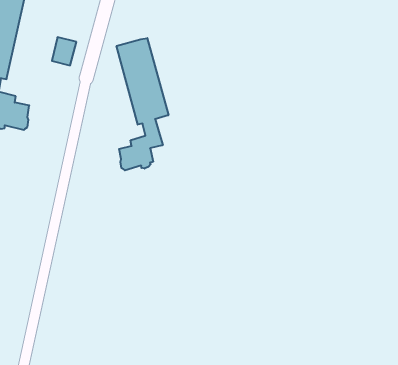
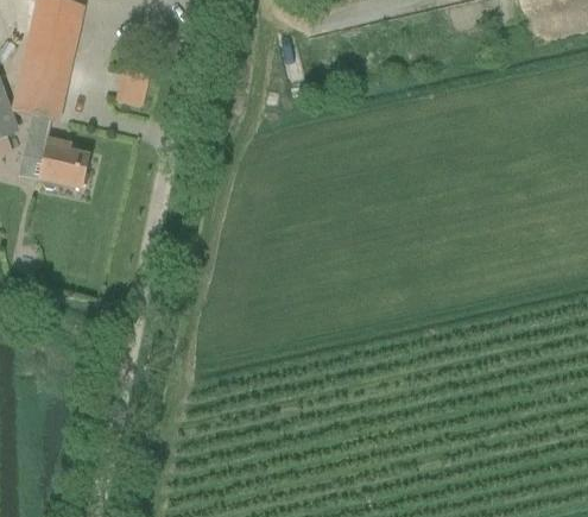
building: [117,38,168,170] -> none

